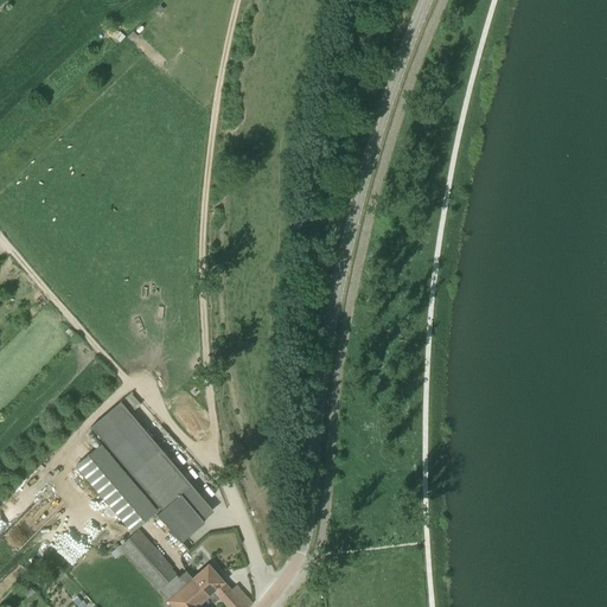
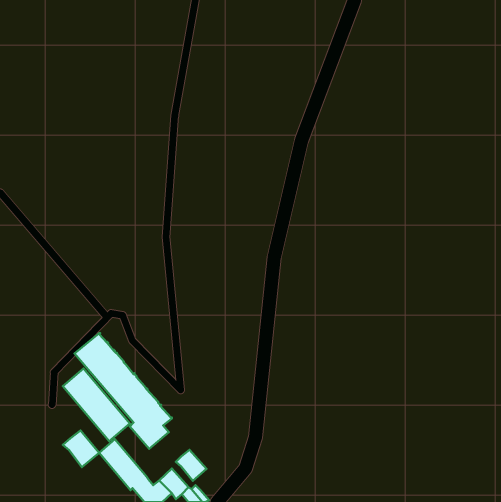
building: none -> [63,430,99,467]
building: none -> [176,450,206,481]

